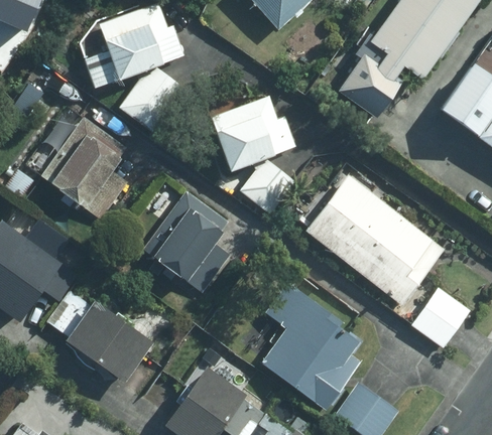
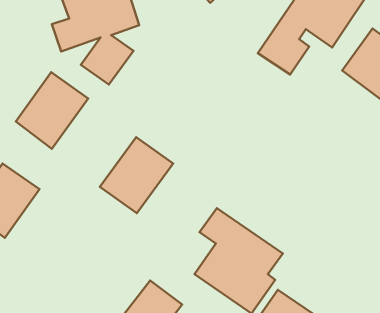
building: [209,94,302,213] -> none
building: [302,175,445,306] -> none
building: [414,292,471,343] -> none
building: [65,300,149,380] -> none

